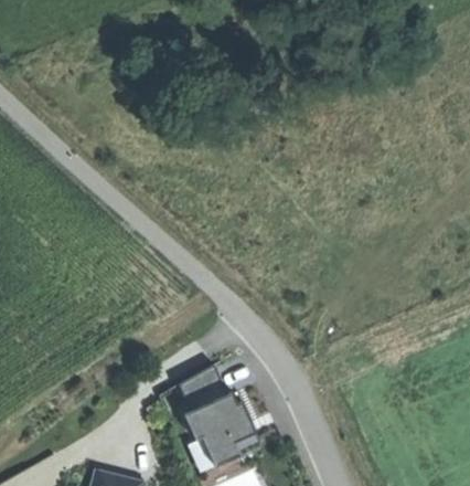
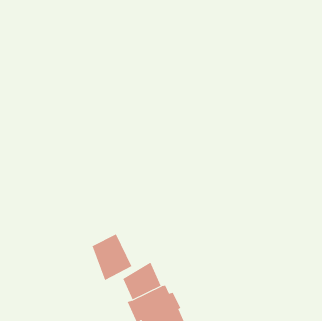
building: none -> [92,233,132,281]

